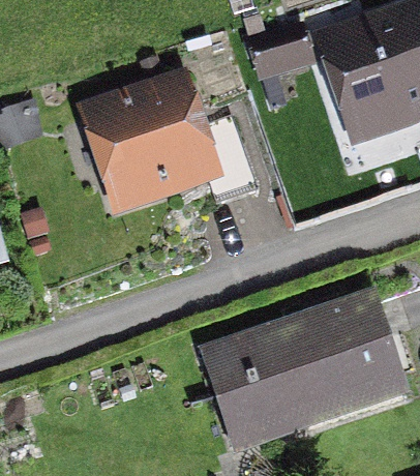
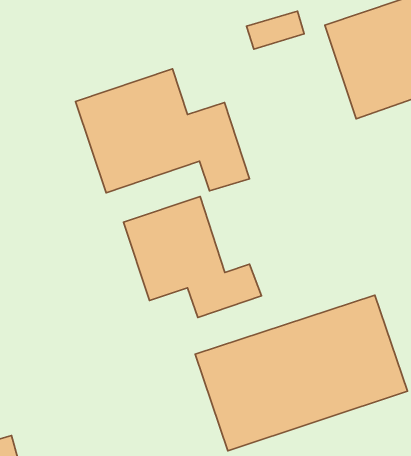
building: none -> [124,197,261,317]

